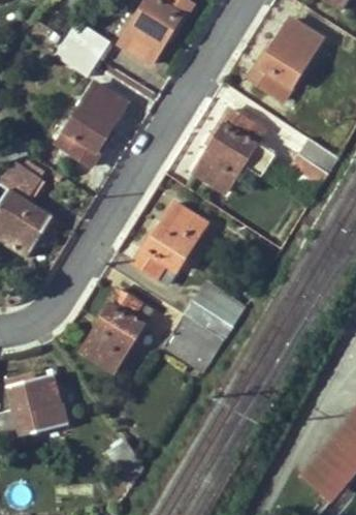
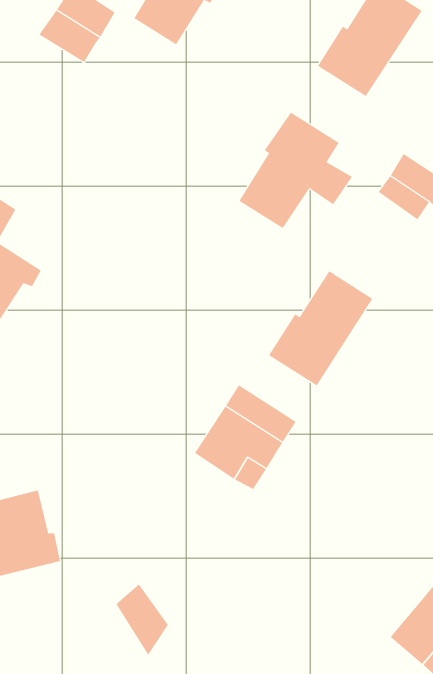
building: [57,84,127,166] -> none
building: [133,203,206,283] -> [268,271,373,386]
building: [82,289,152,371] -> none

